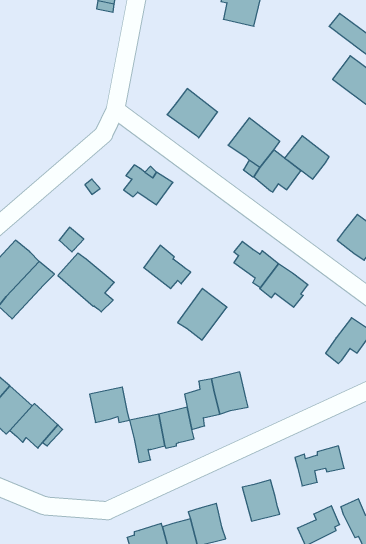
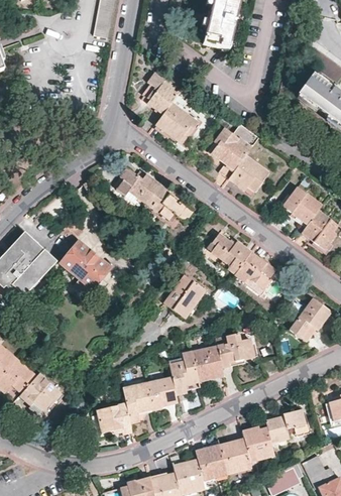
building: none -> [142,73,181,114]
building: [285,136,329,179] -> [282,187,321,224]
building: [144,245,191,289] -> [145,182,186,220]
building: none -> [217,333,254,367]
building: [90,387,129,422] -> [98,402,132,432]
building: none -> [241,425,273,461]
building: none -> [195,444,227,479]

